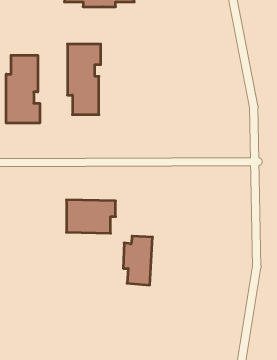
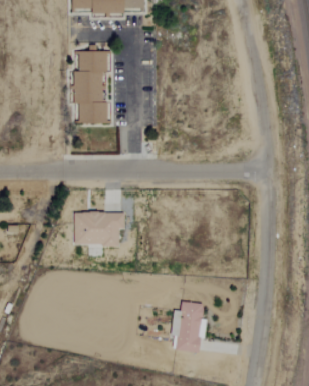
building: [6,55,40,123] -> none
building: [123,236,153,285] -> [172,302,202,352]

